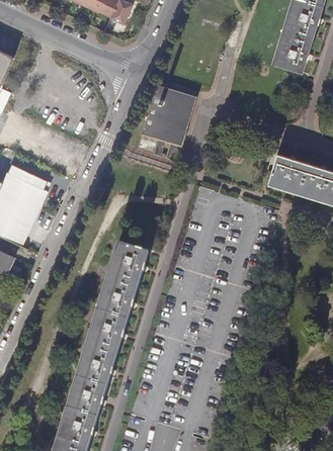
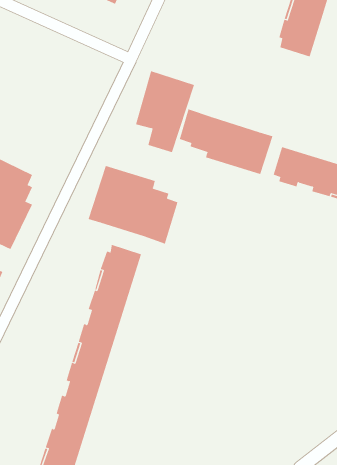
building: none -> [179,109,273,175]
building: none -> [88,165,178,244]

